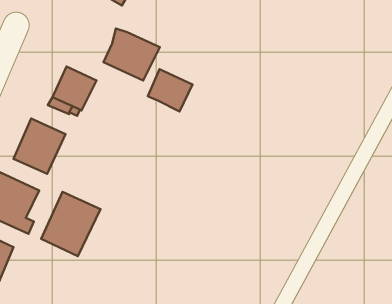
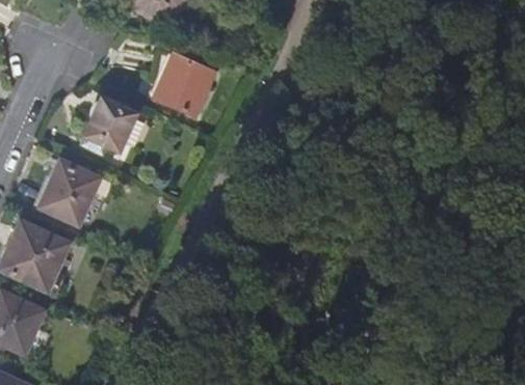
building: [148,69,193,111] -> none
building: [41,192,100,256] -> none

